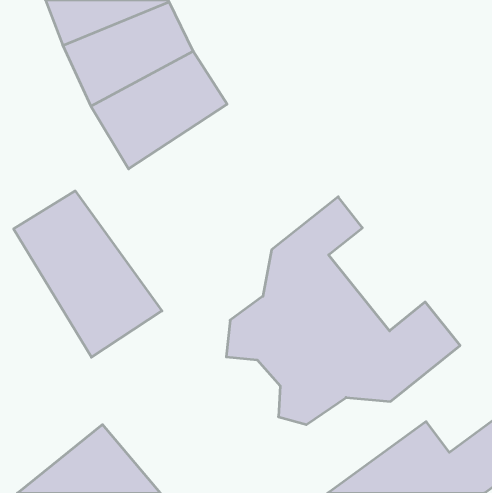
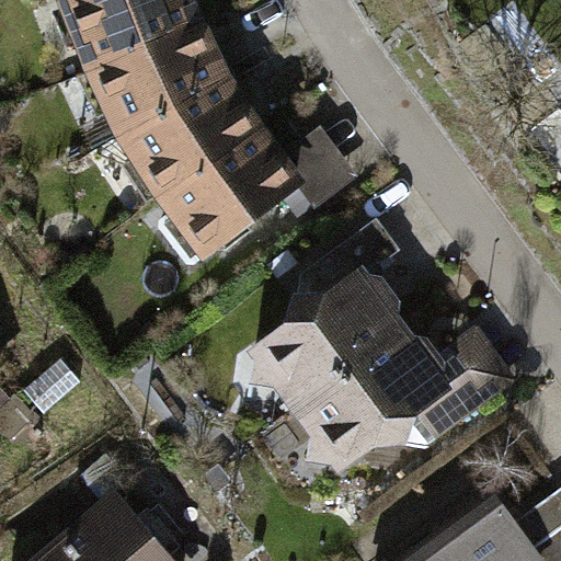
building: none -> [148,118,359,256]
building: [14,191,162,357] -> none

